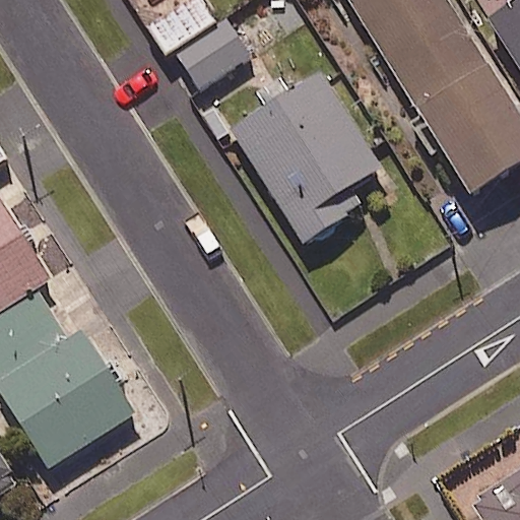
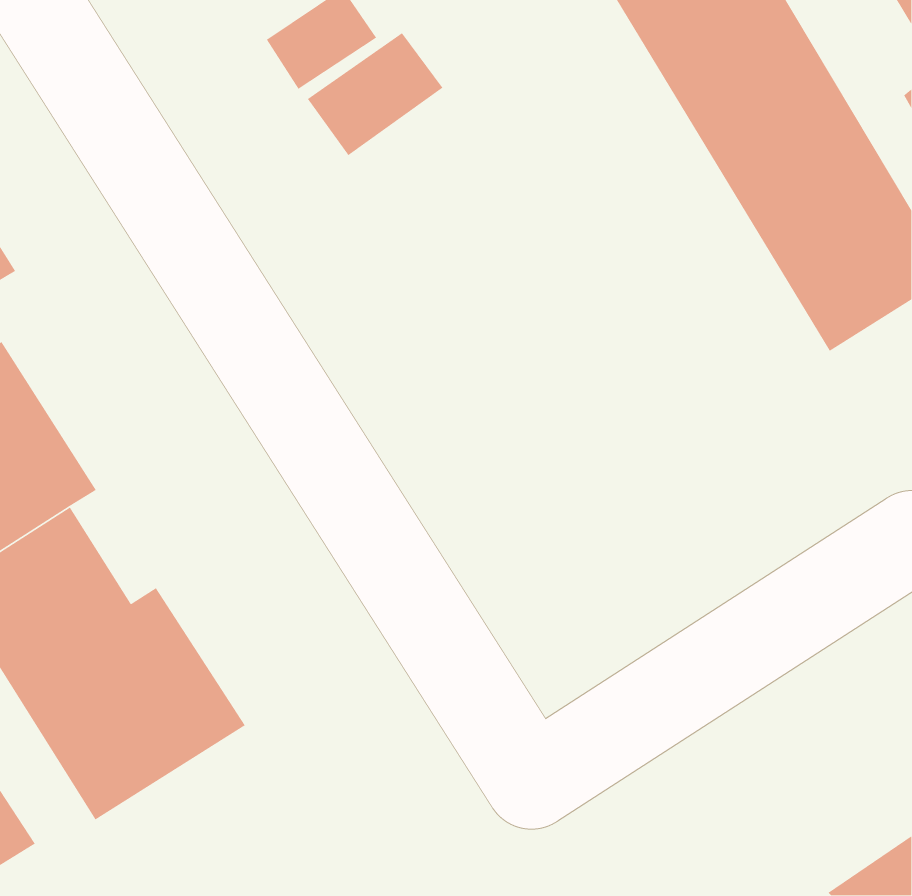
building: [230,71,380,244] -> none

